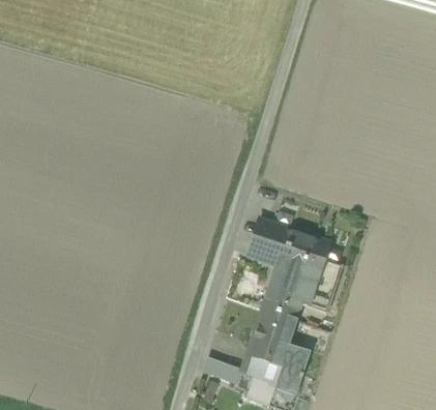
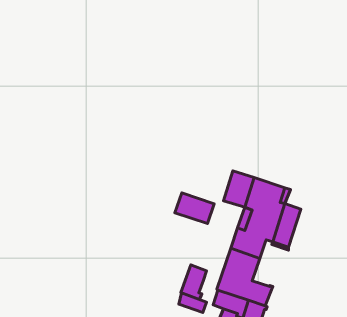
building: none -> [175,193,214,224]
building: none -> [181,265,207,300]

